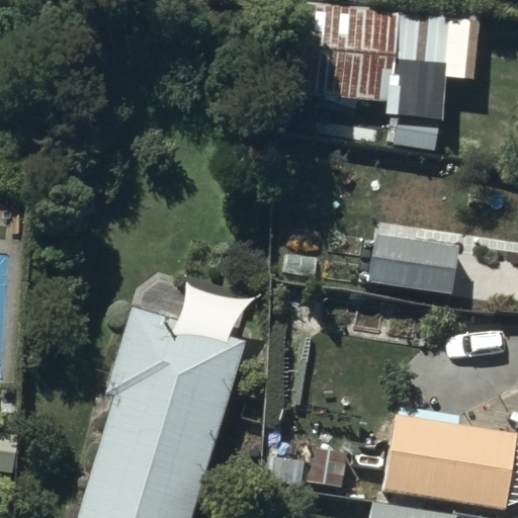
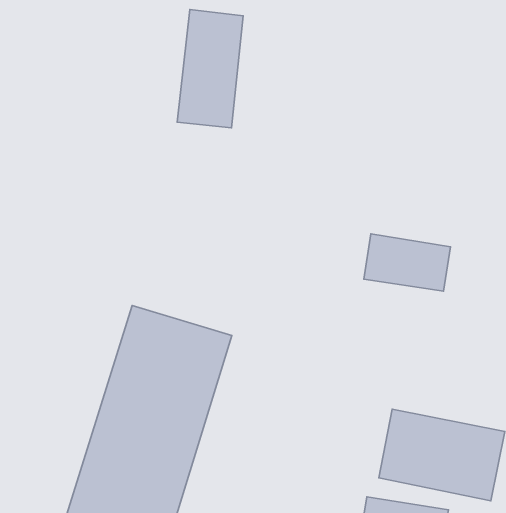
building: [301,11,487,109] -> none
building: none -> [177,10,243,128]

